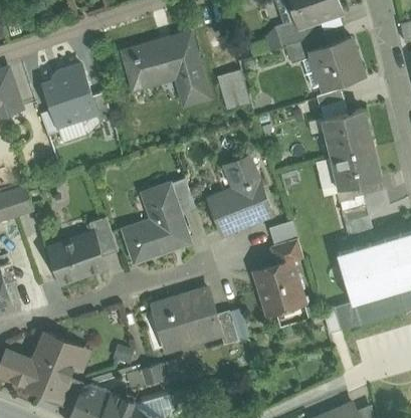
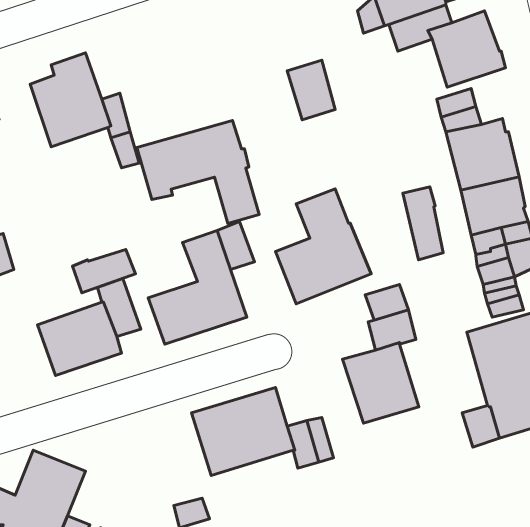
building: [124,34,206,103] -> [137,120,259,224]
building: none -> [403,187,443,260]
building: none -> [72,249,135,293]

